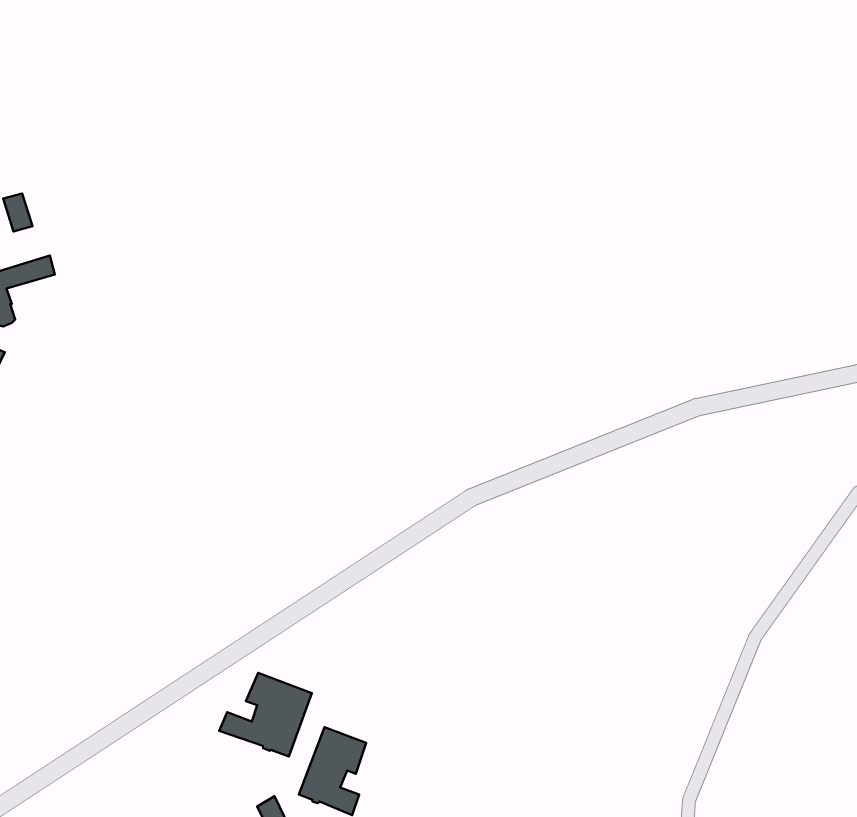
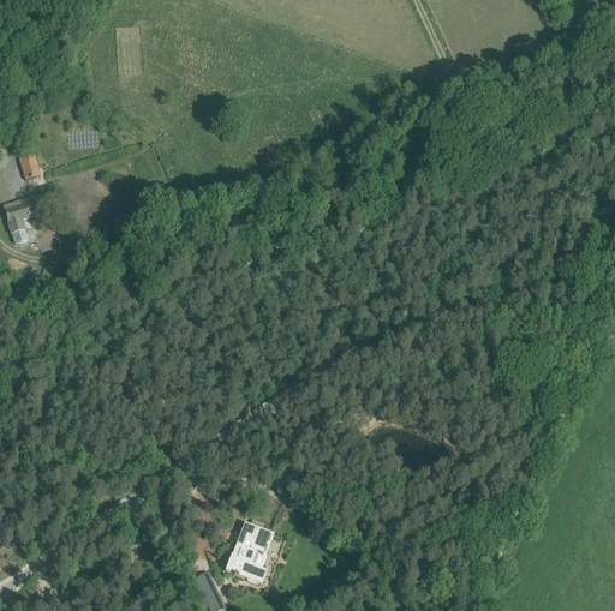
building: [219,673,312,756] -> none

